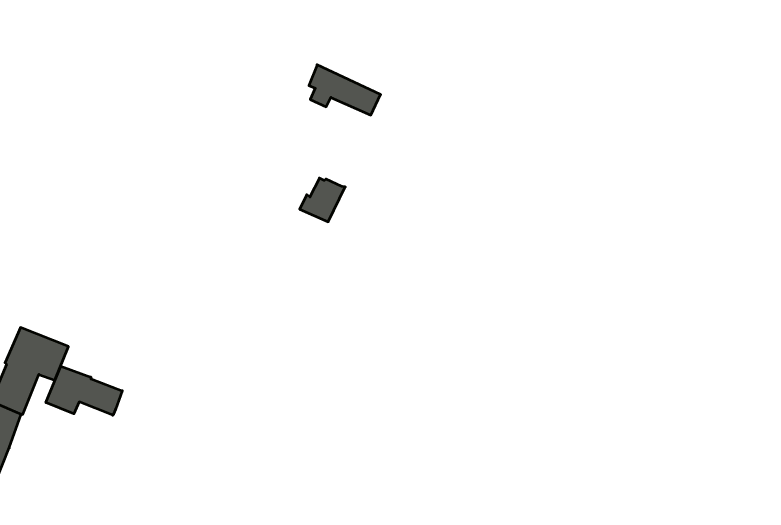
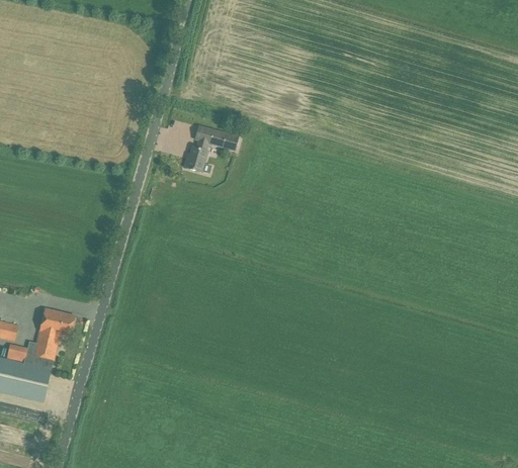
building: [300,178,345,222] -> [183,146,208,171]
building: [46,366,122,415] -> none

